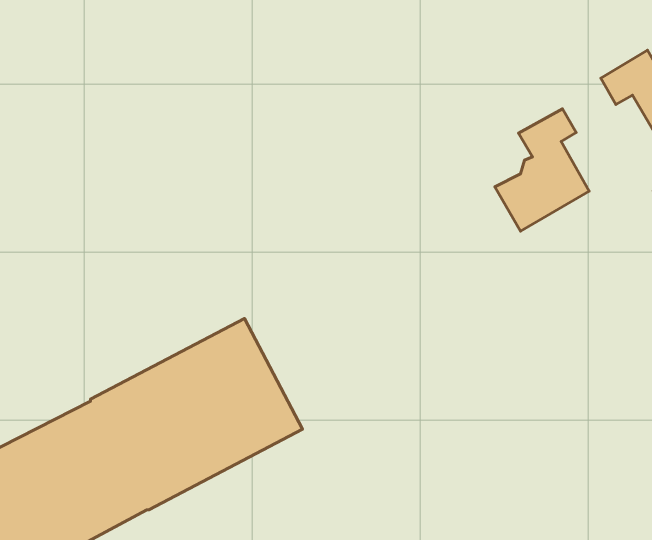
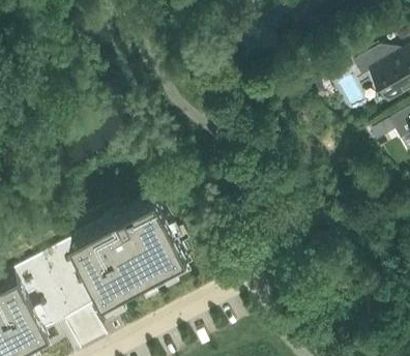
building: [495,109,589,231] -> none

